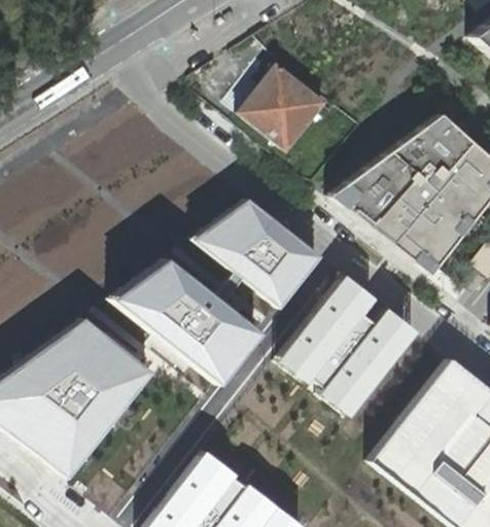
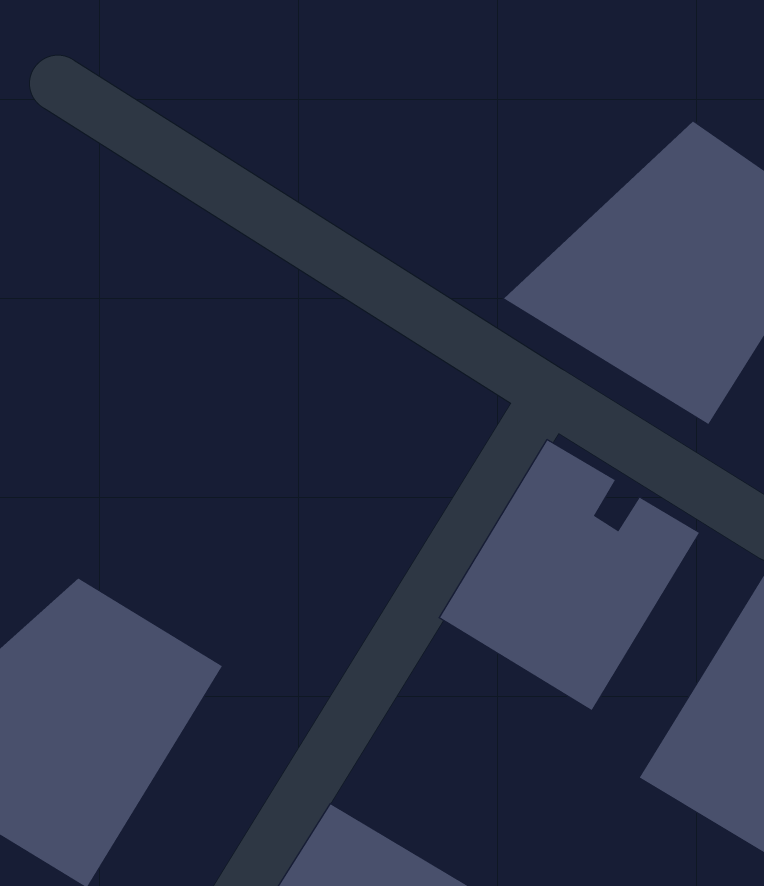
building: [240,62,328,151] -> none
building: [195,200,321,309] -> none
building: [110,257,259,385] -> none

